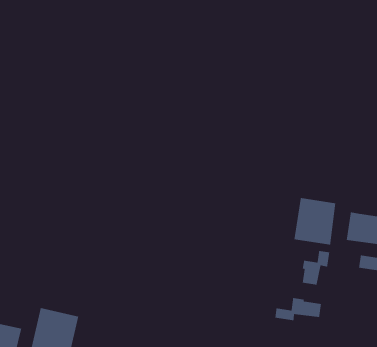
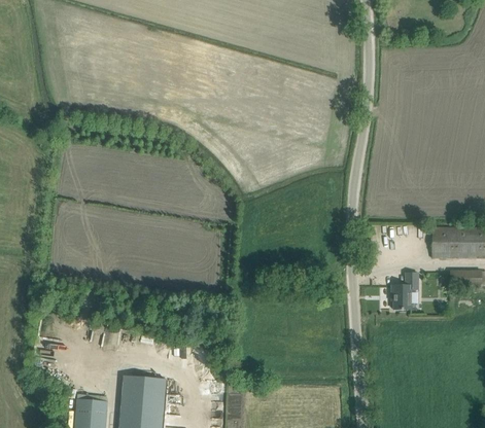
building: [294,197,336,246] -> none
building: [274,297,322,321] -> none

